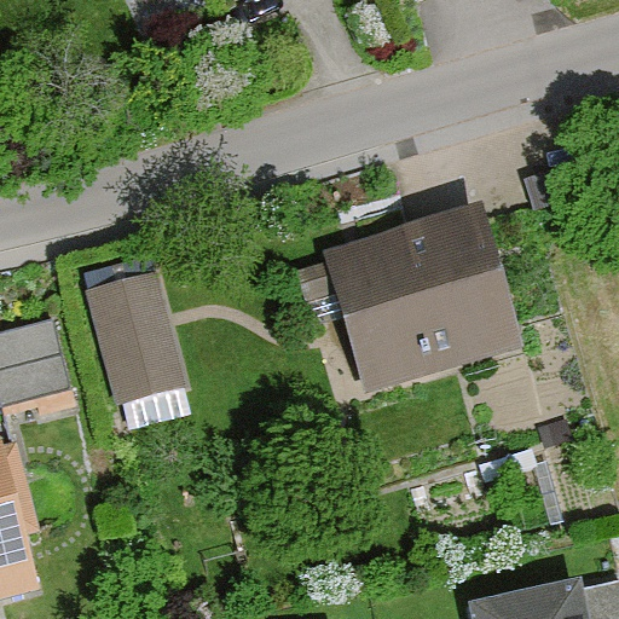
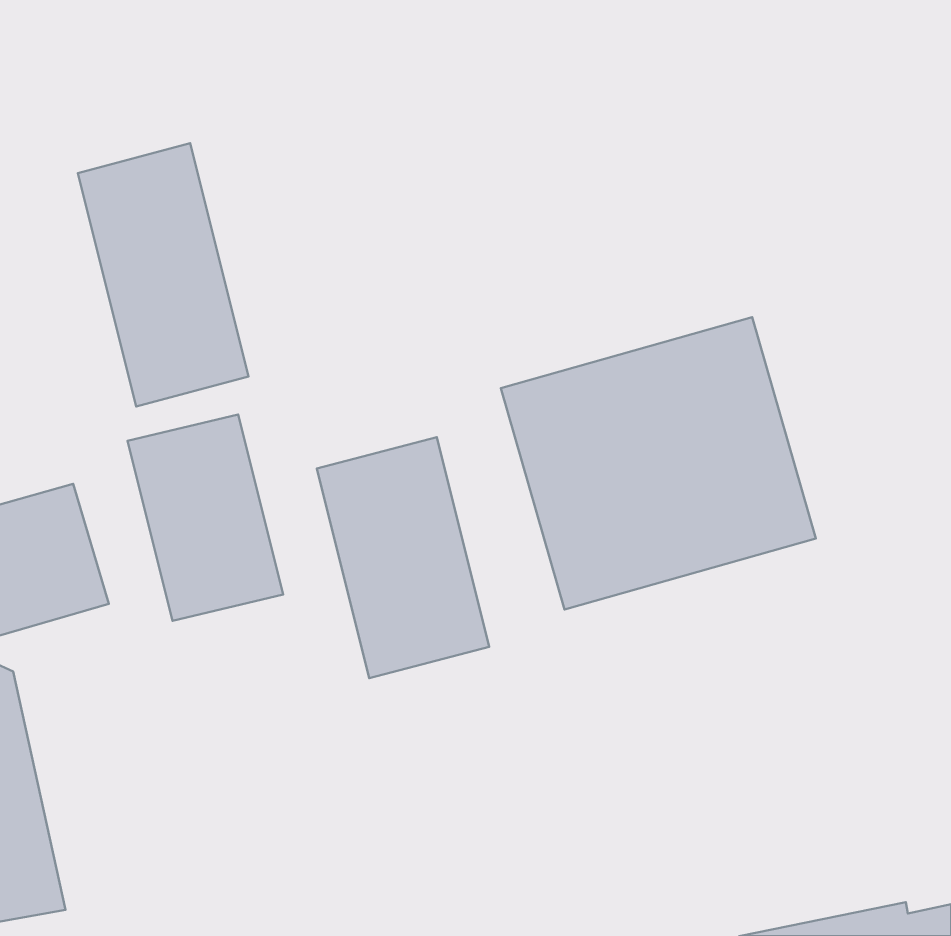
building: none -> [78,143,249,406]
building: none -> [317,437,489,678]

